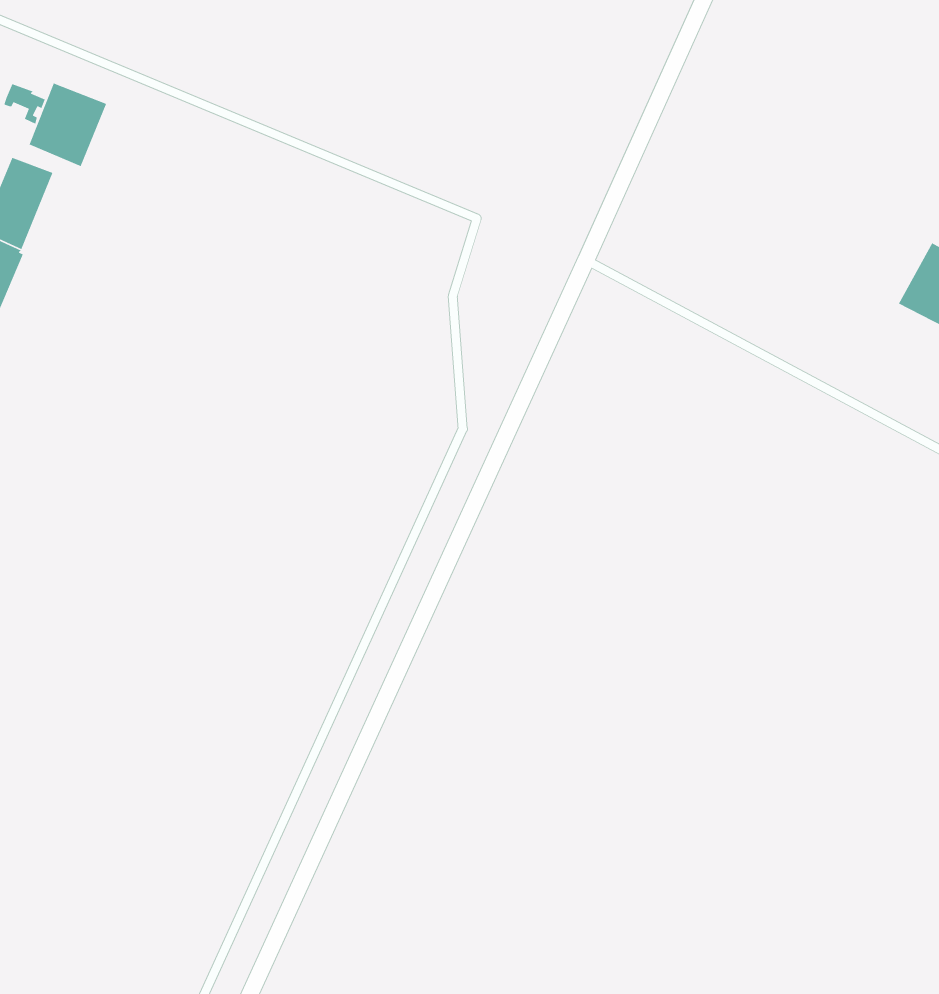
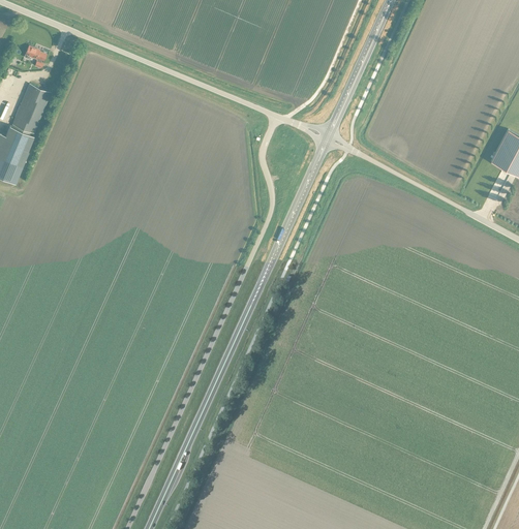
building: [29,82,107,167] -> none

